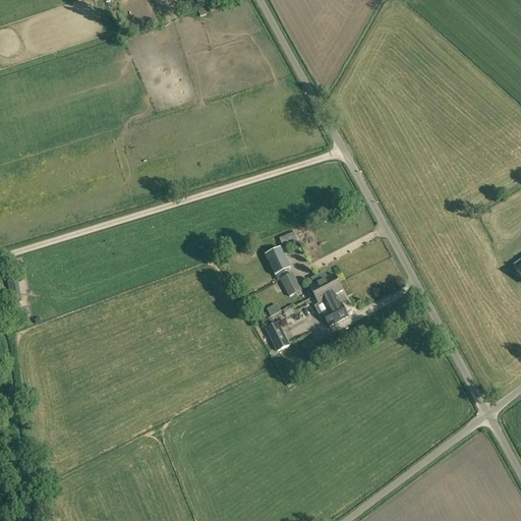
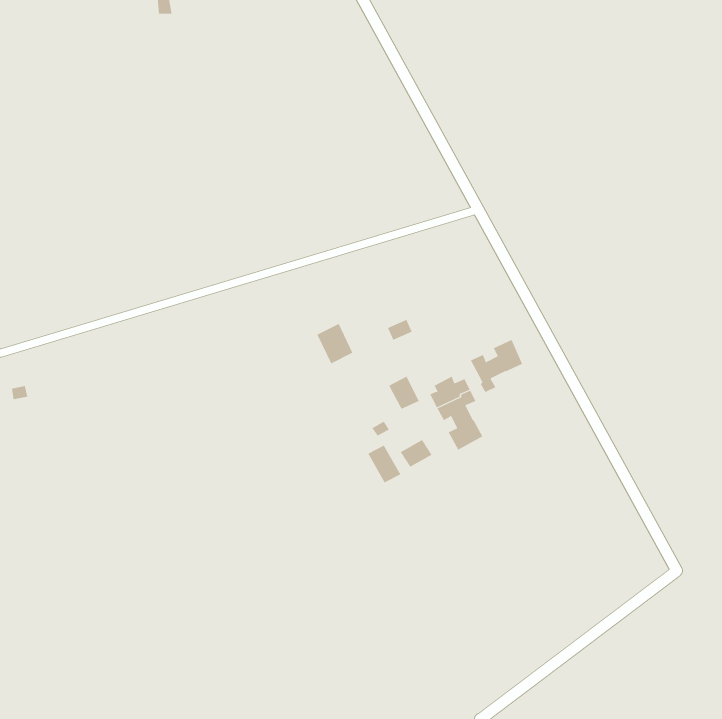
building: none -> [470,339,523,393]
building: [265,245,291,275] -> [317,323,353,364]

